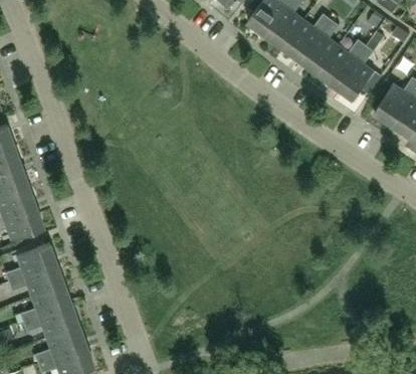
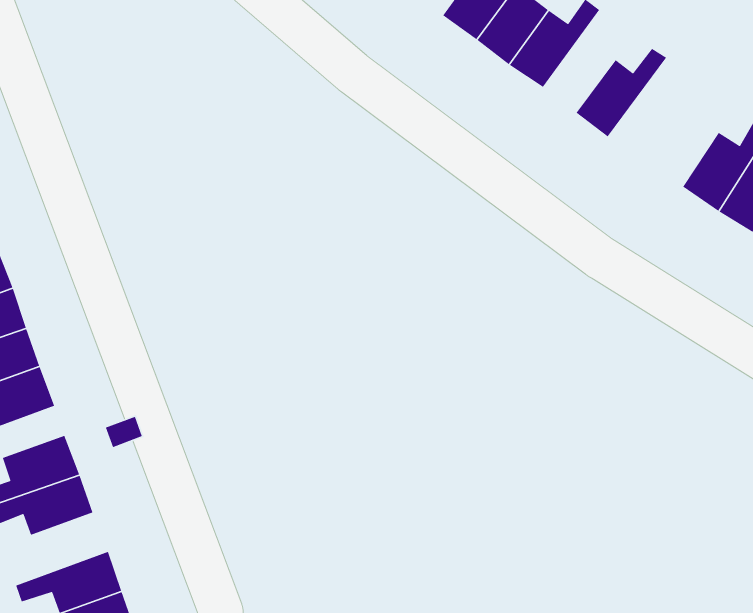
building: [300,20,339,74] -> none
building: [335,45,374,101] -> none
building: [19,286,71,324] -> none

